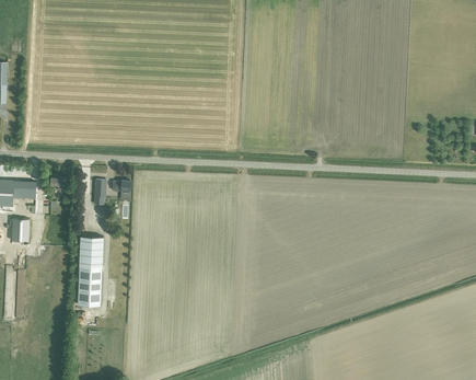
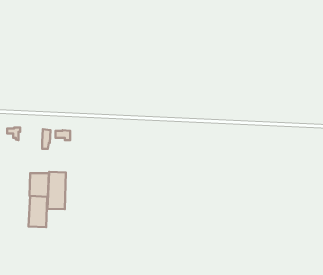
building: none -> [47,172,66,209]

